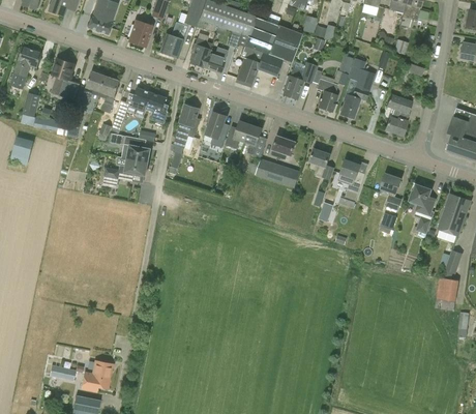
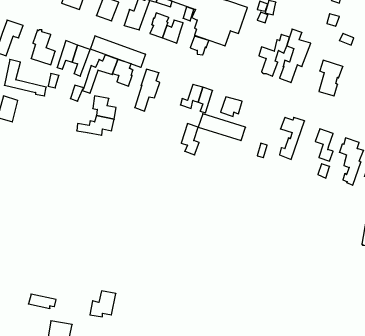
building: [282,61,318,99] -> none
building: none -> [91,36,145,67]
building: [206,112,227,148] -> [181,124,199,155]
building: [309,148,335,179] -> none
building: [82,360,112,390] -> [90,291,116,317]

